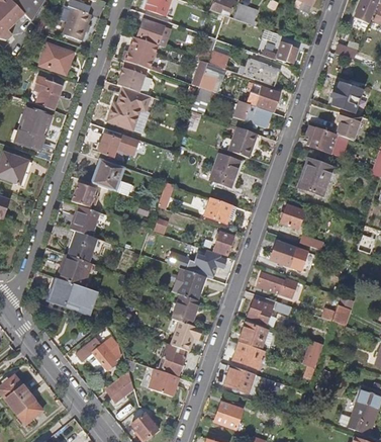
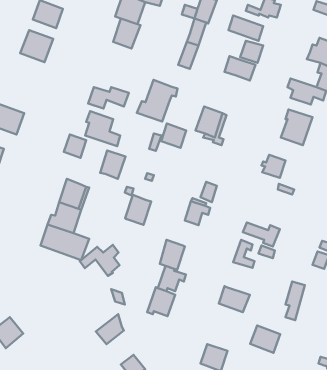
building: [106,86,149,129] -> [137,80,178,122]
building: [13,105,51,149] -> none
building: [227,125,257,157] -> none
building: [204,197,230,223] -> [161,124,186,148]
building: [70,205,96,235] -> [100,151,125,179]
building: [269,241,306,269] -> none
building: [177,268,204,299] -> [125,195,151,225]
building: [242,324,269,350] -> none
building: [77,336,118,368] -> [80,245,120,276]
building: [222,364,254,392] -> [250,326,280,353]
building: [155,369,179,396] -> none
building: [11,391,43,424] -> none

